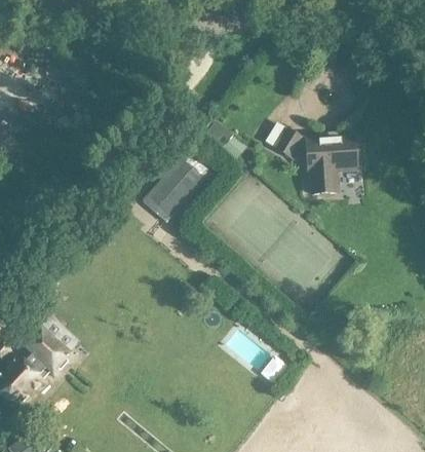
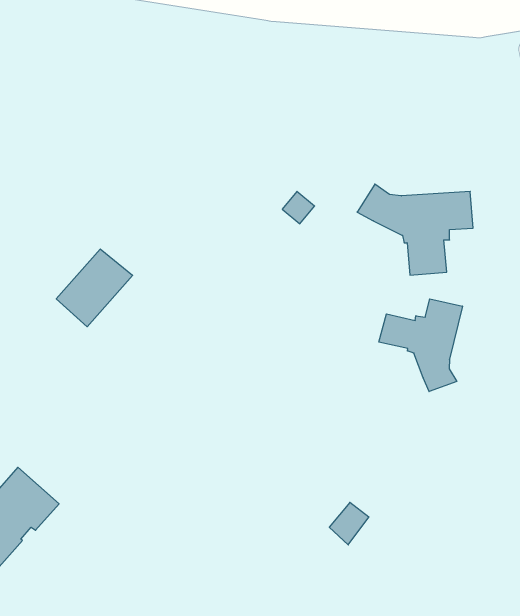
building: [148,157,201,212] -> [56,249,133,327]
building: none -> [379,299,462,392]

